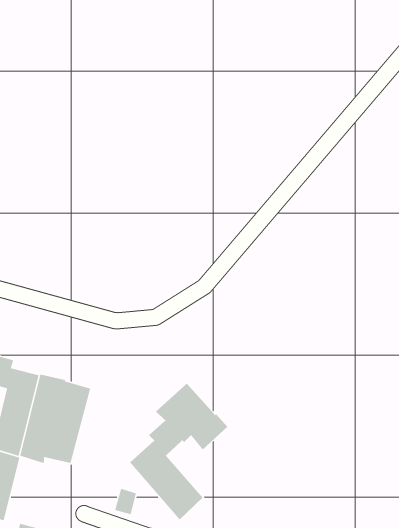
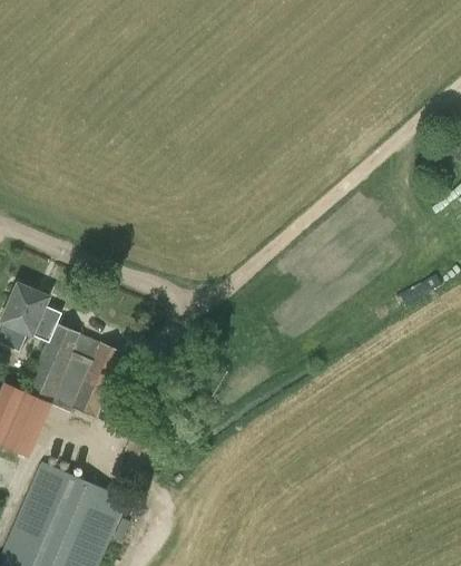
building: [129,383,228,521] -> none

